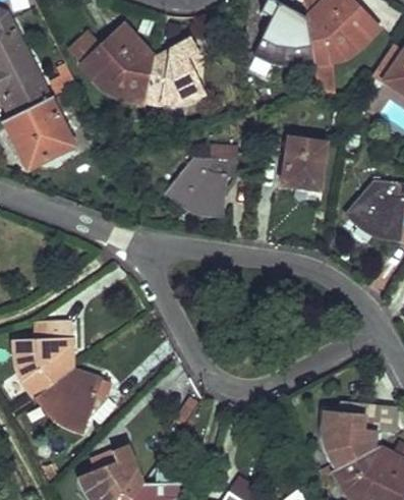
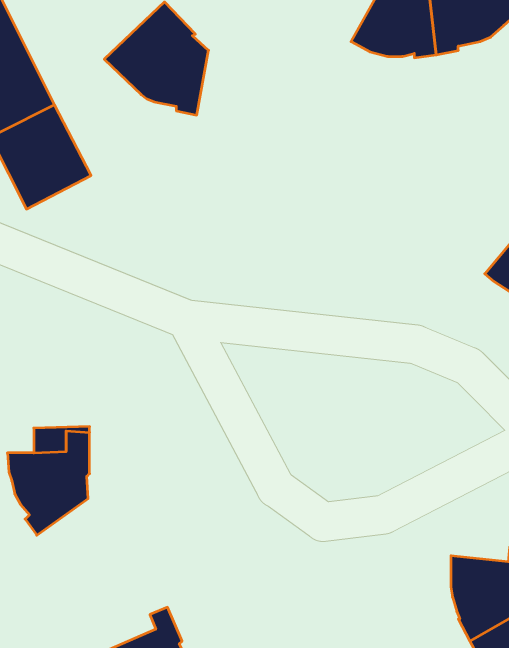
building: [147,39,207,108] -> none
building: [283,140,325,187] -> none
building: [166,159,237,217] -> none
building: [36,371,117,433] -> none

